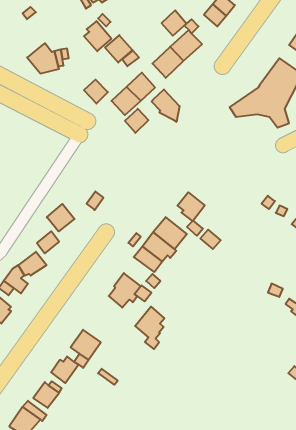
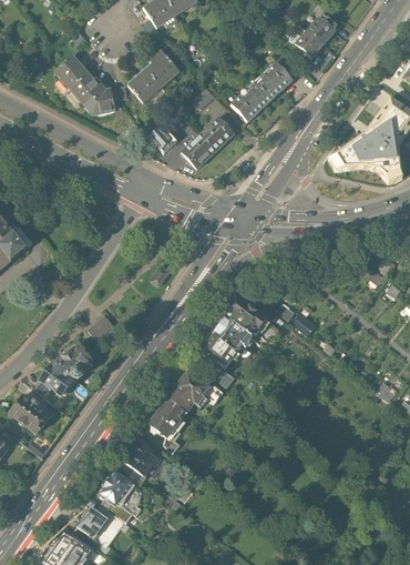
building: [162,10,186,36] -> none
building: none -> [52,57,92,97]
building: [105,35,133,63] -> [126,70,161,104]
building: [152,89,180,122] -> none
building: [125,109,148,133] -> none
building: [177,192,205,221] -> none
building: [47,204,75,231] -> none
building: [135,307,164,349] -> [155,395,192,448]

